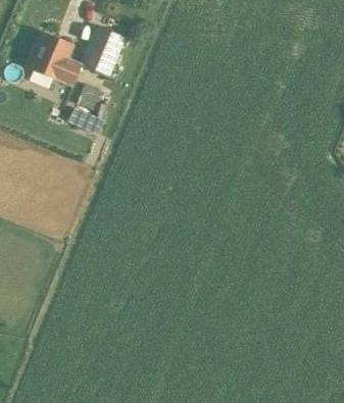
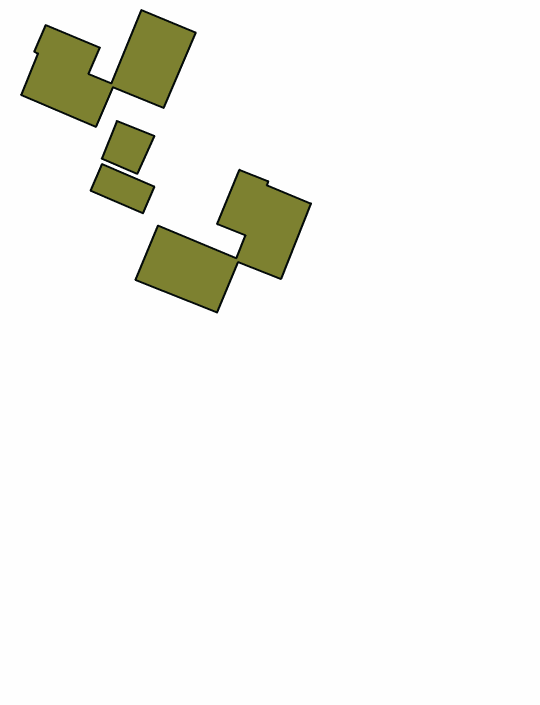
building: none -> [136,170,311,313]

